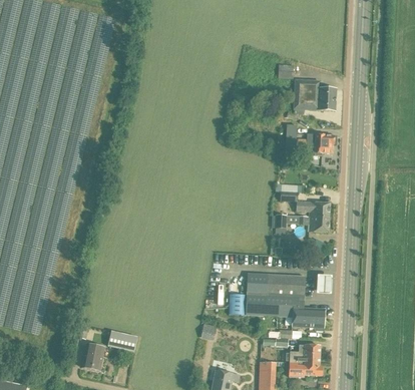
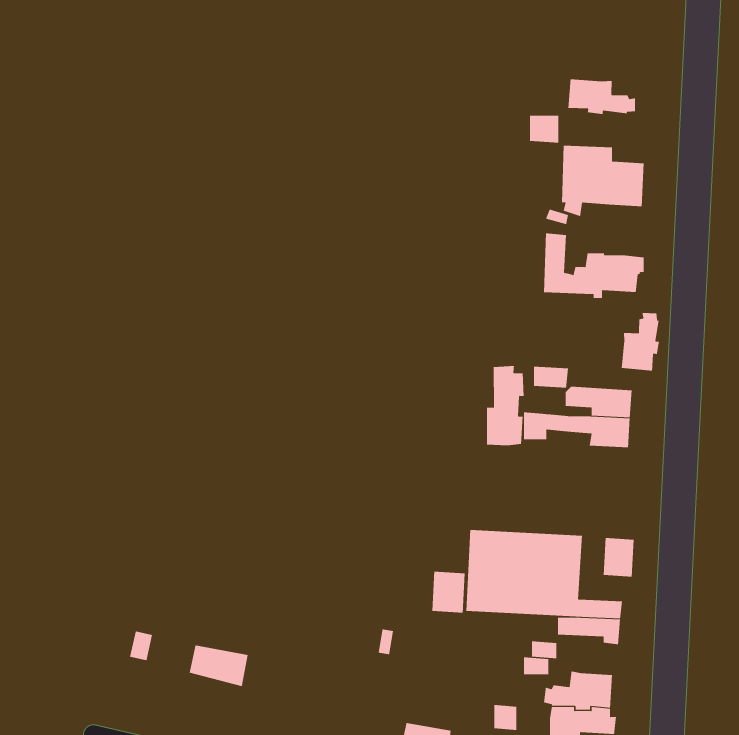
building: none -> [568,79,636,115]
building: none -> [621,312,660,372]
building: none -> [486,365,524,446]
building: [81,343,104,370] -> none

